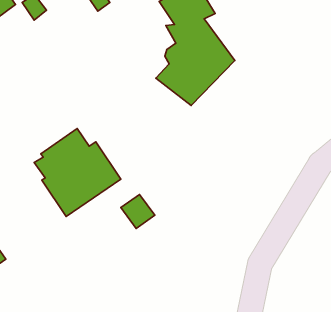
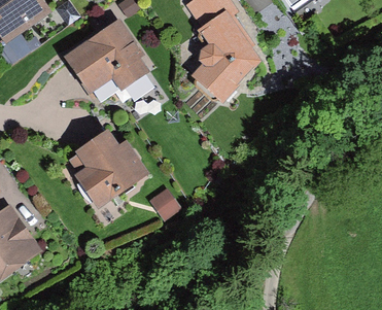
building: none -> [60,16,153,101]

